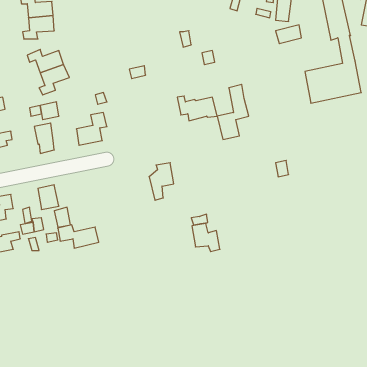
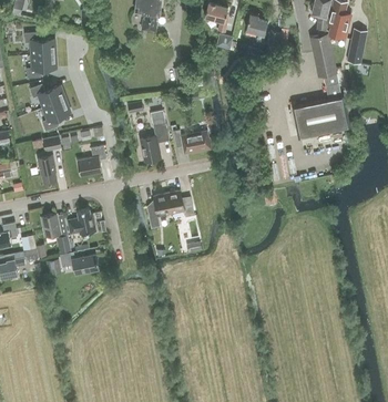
building: [217,84,249,139] -> [140,110,170,162]
building: none -> [68,208,95,234]
building: [192,224,220,252] -> [166,190,193,217]

